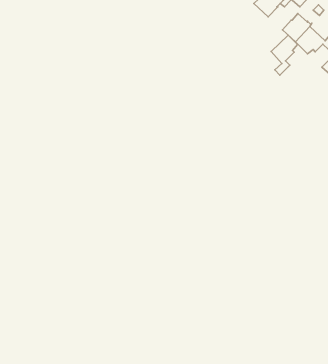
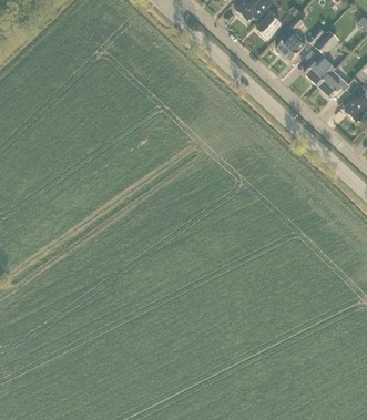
building: [271,35,298,75] -> none

